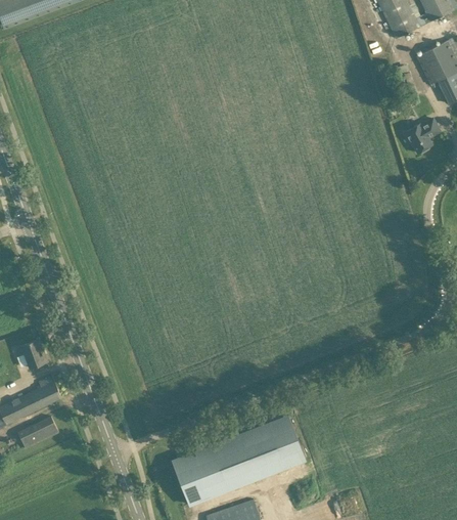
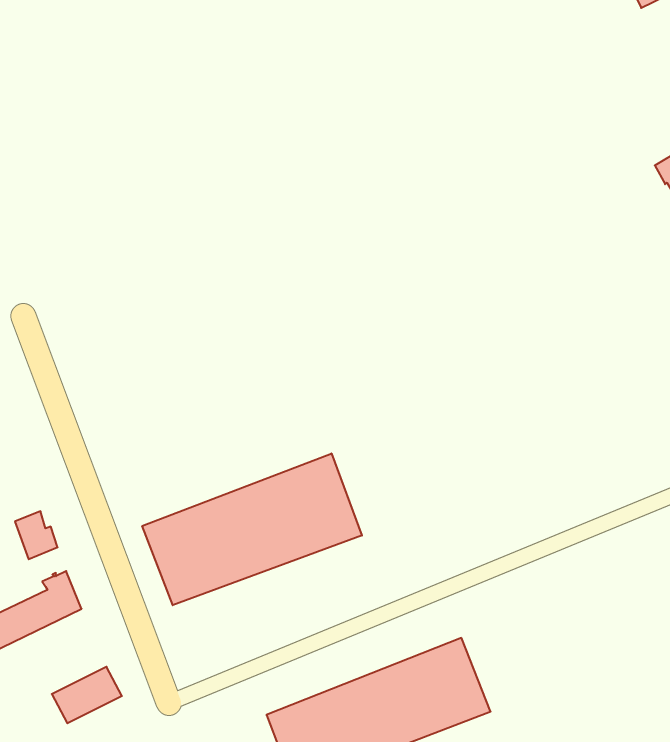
building: none -> [142,453,362,605]
building: [17,416,59,449] -> [52,667,122,723]

